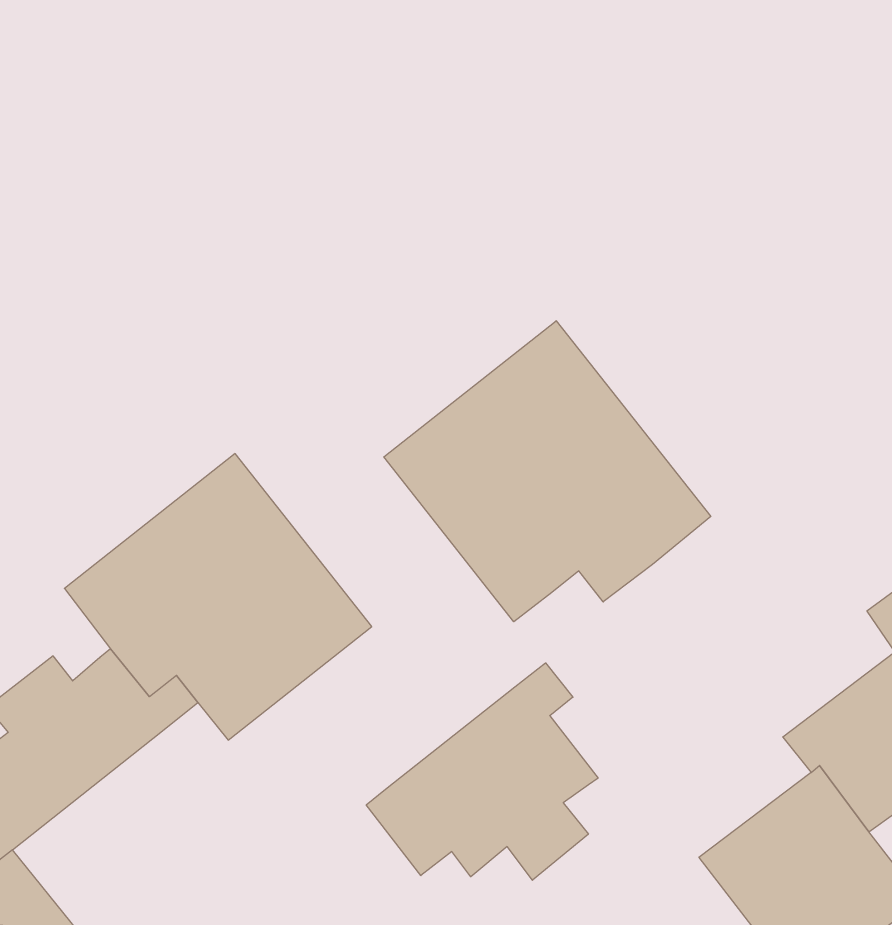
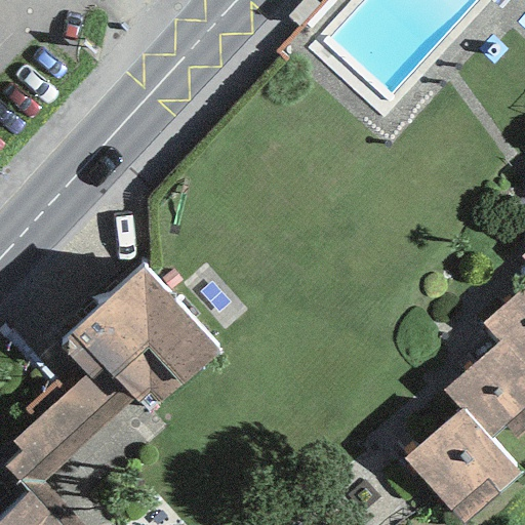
building: [384,321,711,622] -> none
building: [366,663,598,880] -> none

